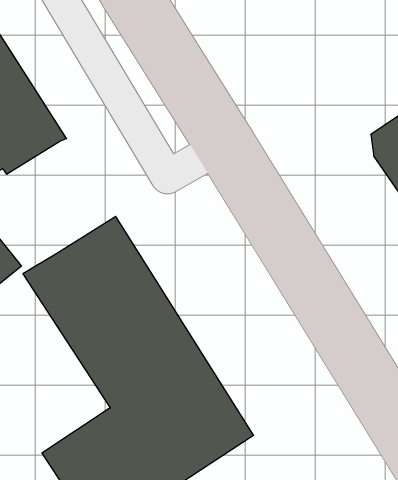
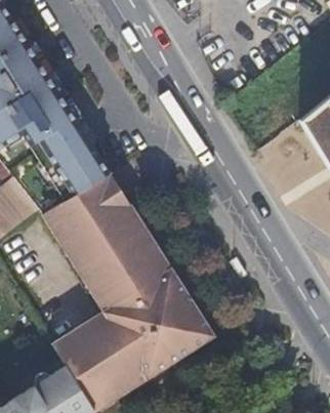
building: none -> [28,114,110,200]

